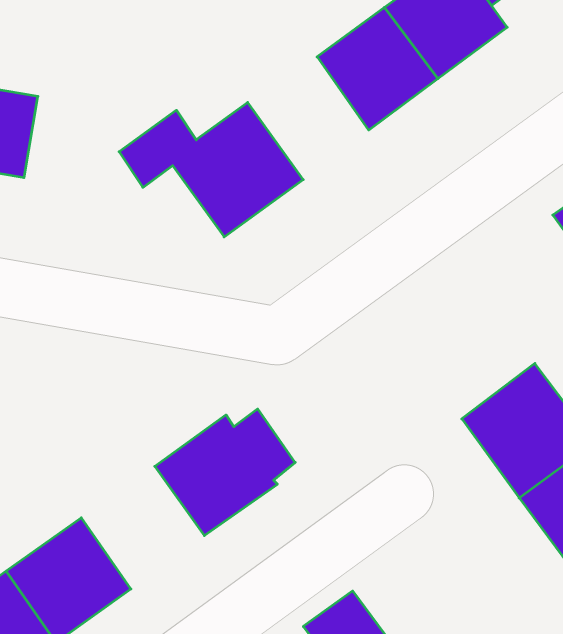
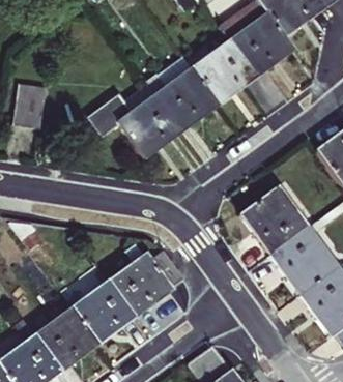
building: none -> [158,65,221,129]
building: none -> [238,185,308,255]
building: none -> [70,280,135,344]

